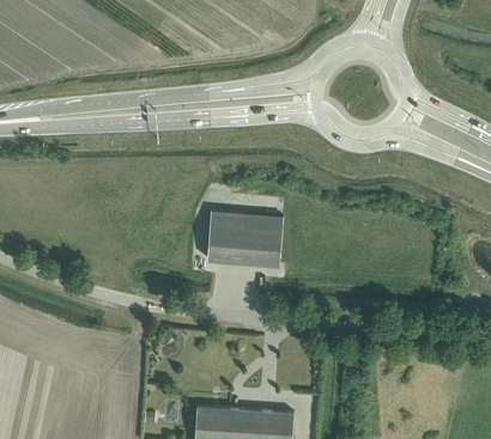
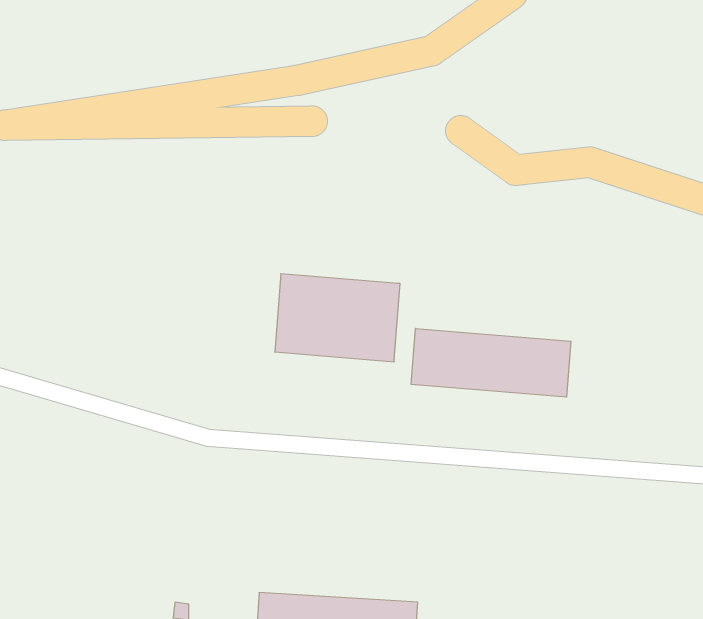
building: none -> [411,328,571,397]

